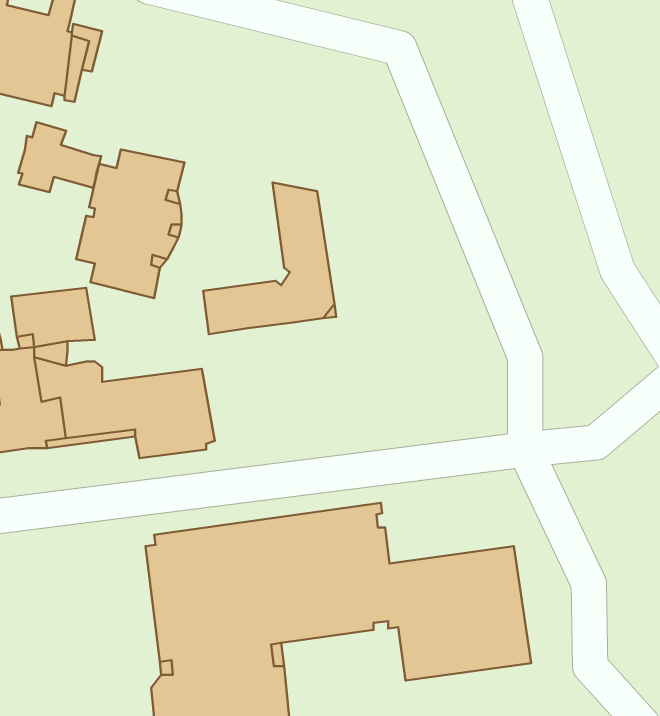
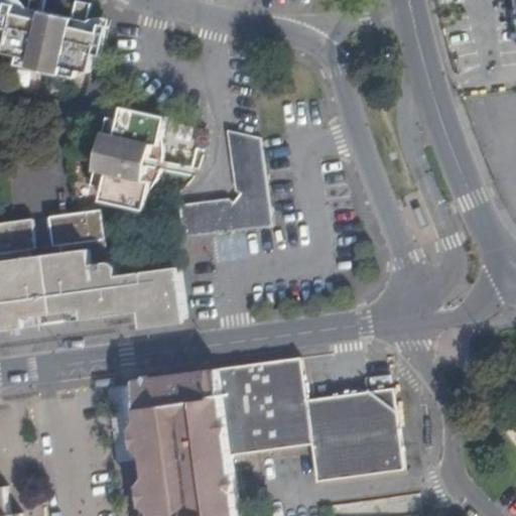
building: [18,122,101,192] -> none

